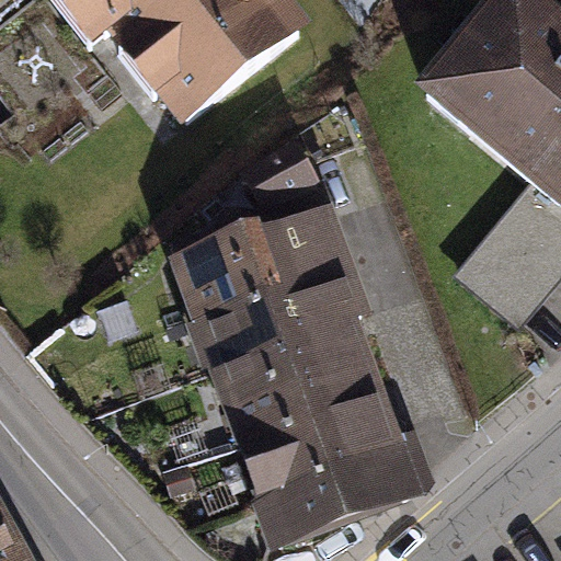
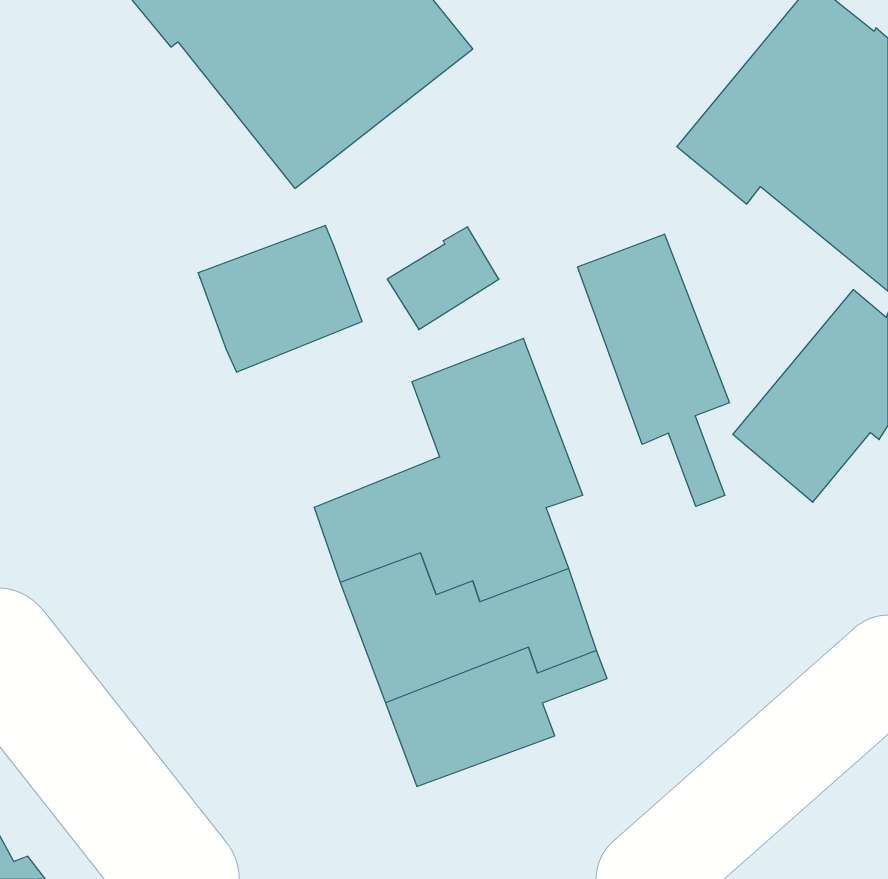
building: none -> [577,234,729,506]
building: [173,227,276,319] -> [198,226,362,372]
building: [262,426,424,539] -> none

